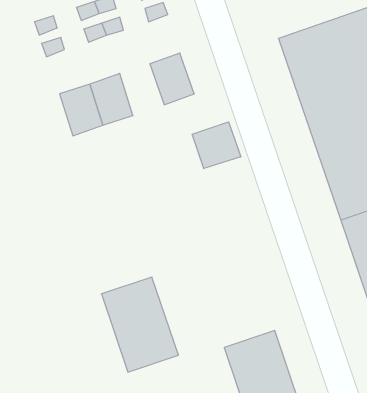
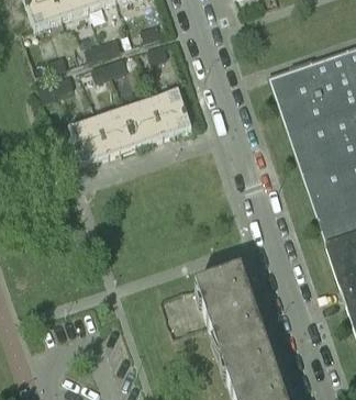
building: none -> [123,98,164,145]
building: [192,122,241,169] -> none
building: [101,277,178,372] -> [194,270,265,357]

